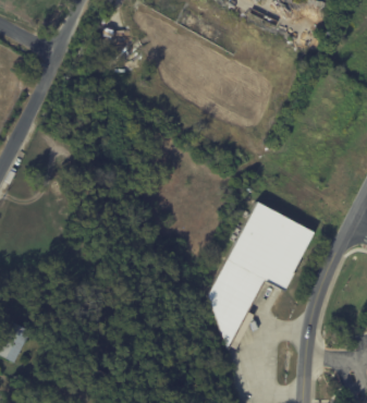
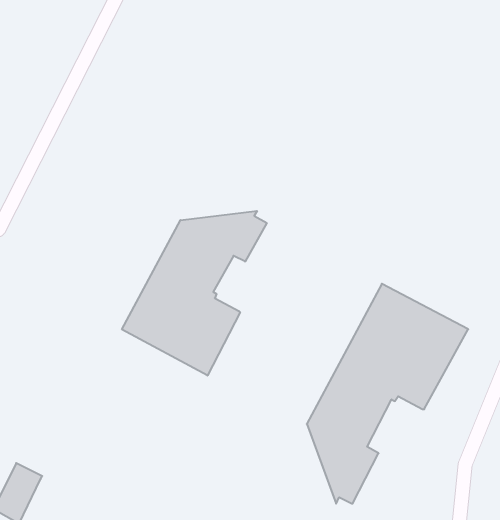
building: none -> [122,211,267,376]

